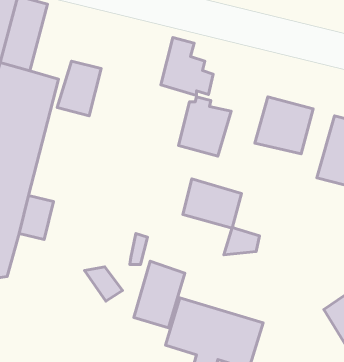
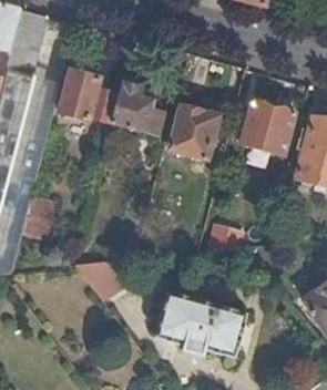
building: [161,37,213,96] -> [111,76,160,131]
building: [183,179,241,228] -> none
building: [134,261,185,328] -> none

